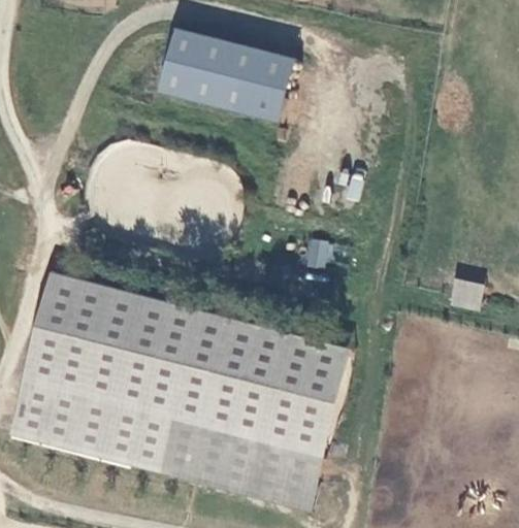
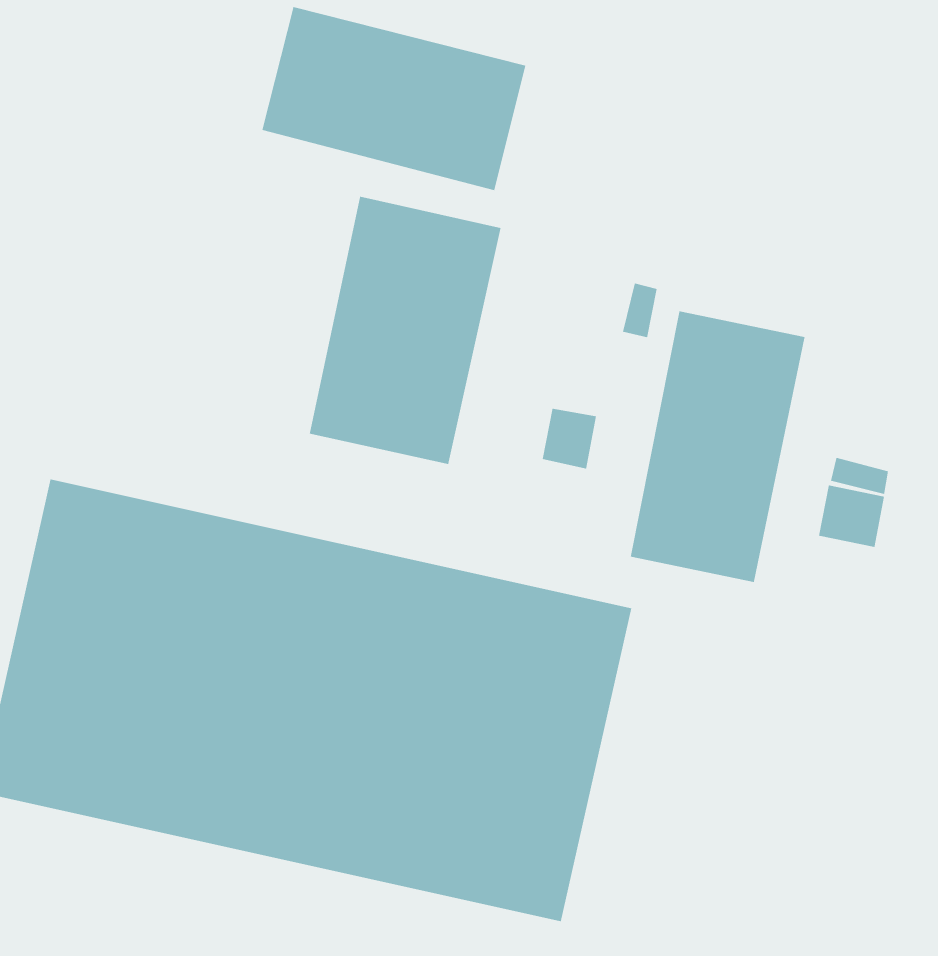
building: none -> [309,196,501,465]
building: none -> [630,310,805,583]

